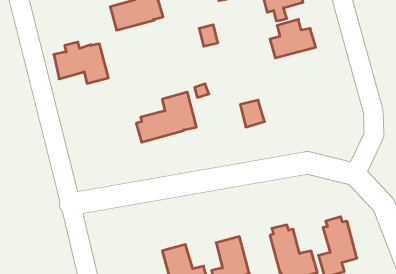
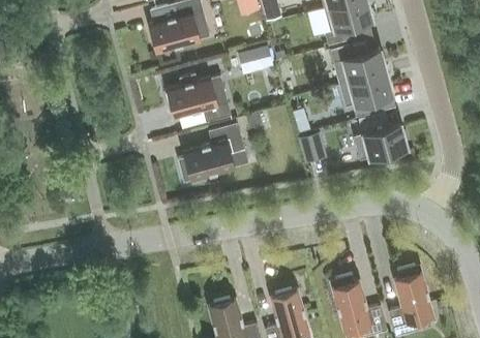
building: [54,42,108,83] -> [167,72,230,120]
building: none -> [338,69,391,114]
building: none -> [353,122,406,158]

